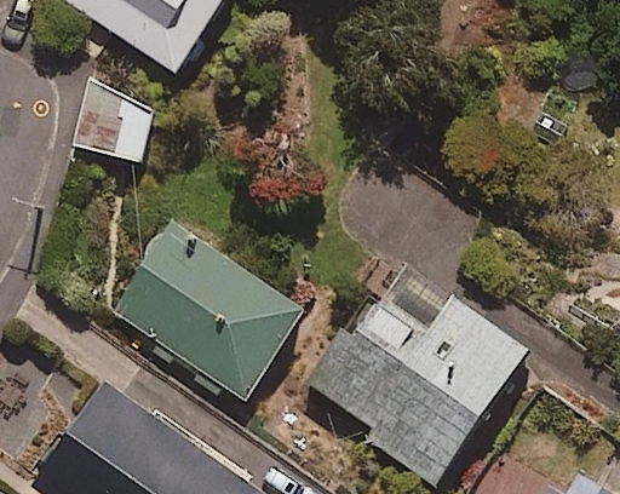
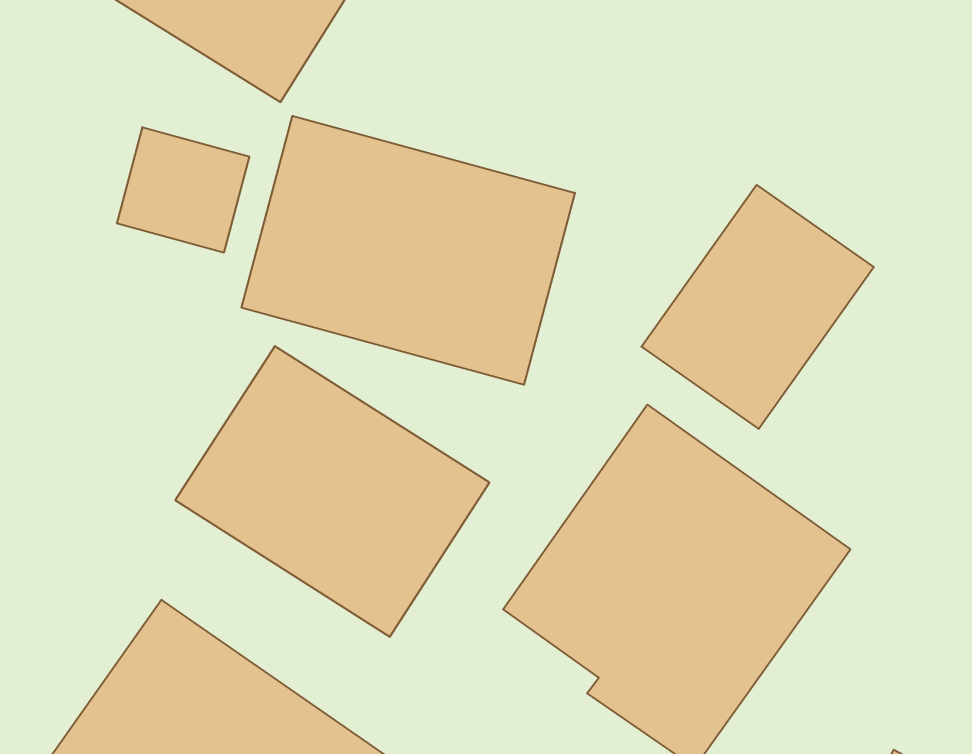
building: none -> [242,116,575,385]
building: none -> [641,185,874,429]

